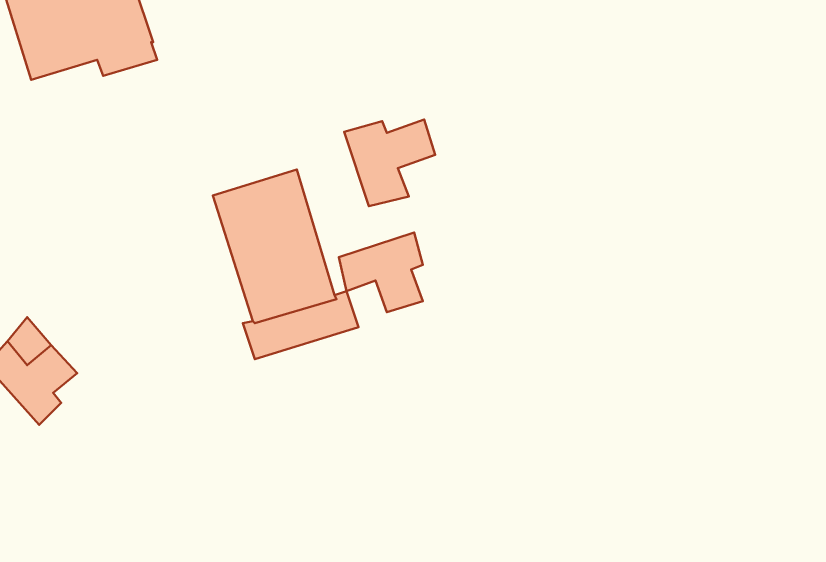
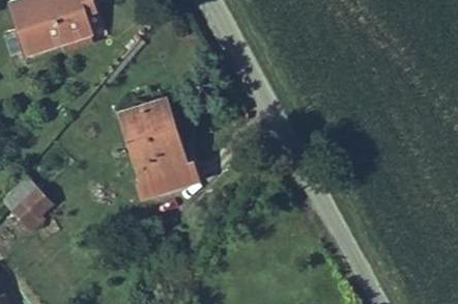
building: [344,120,435,206] -> none
building: [339,232,423,312] -> none

